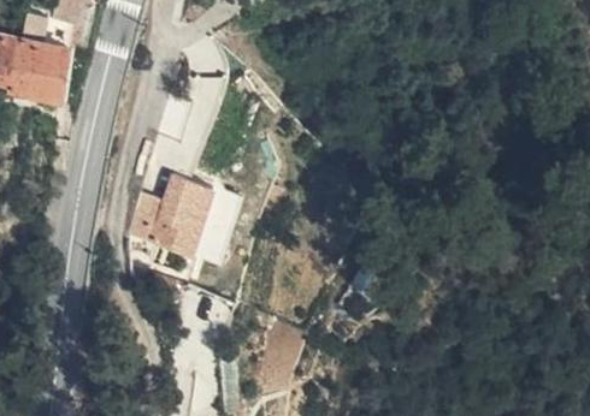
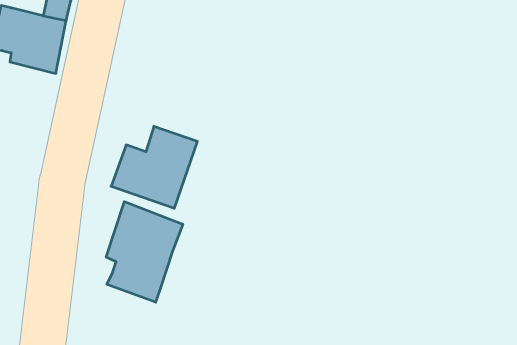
building: none -> [106,202,183,302]

